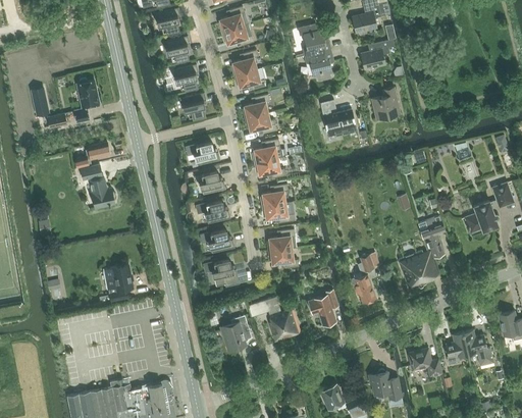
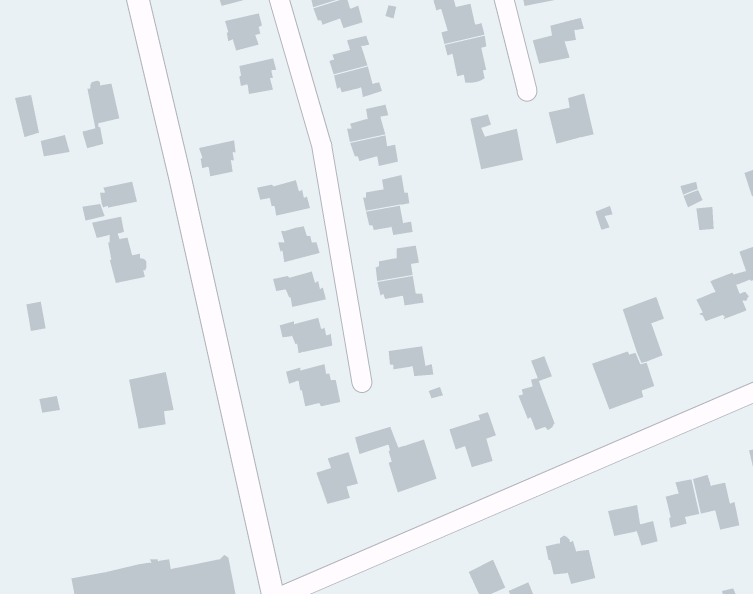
building: [180,93,205,116] -> [198,140,237,177]
building: [266,229,296,251] -> none

